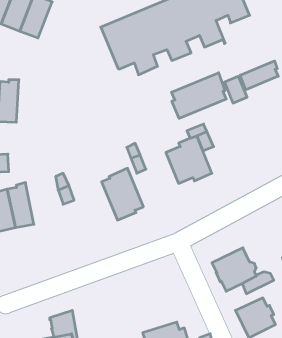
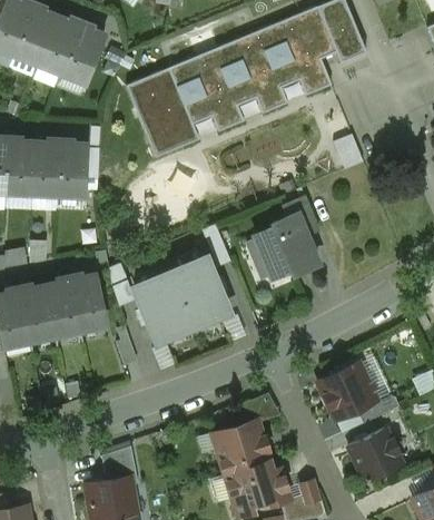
building: none -> [127,68,201,157]
building: [240,61,278,90] -> none
building: [172,73,226,118] -> none
building: none -> [57,138,86,196]
building: none -> [69,273,106,331]
building: none -> [135,274,191,337]
building: none -> [217,421,270,475]

